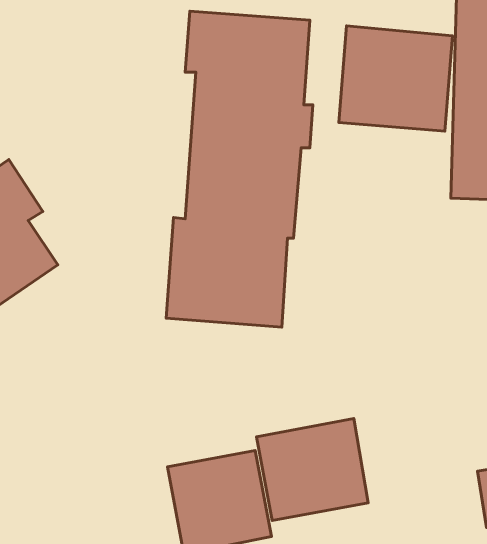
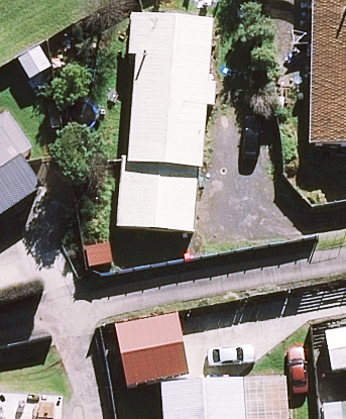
building: [339,26,453,131] -> none
building: [256,419,368,521] -> none

